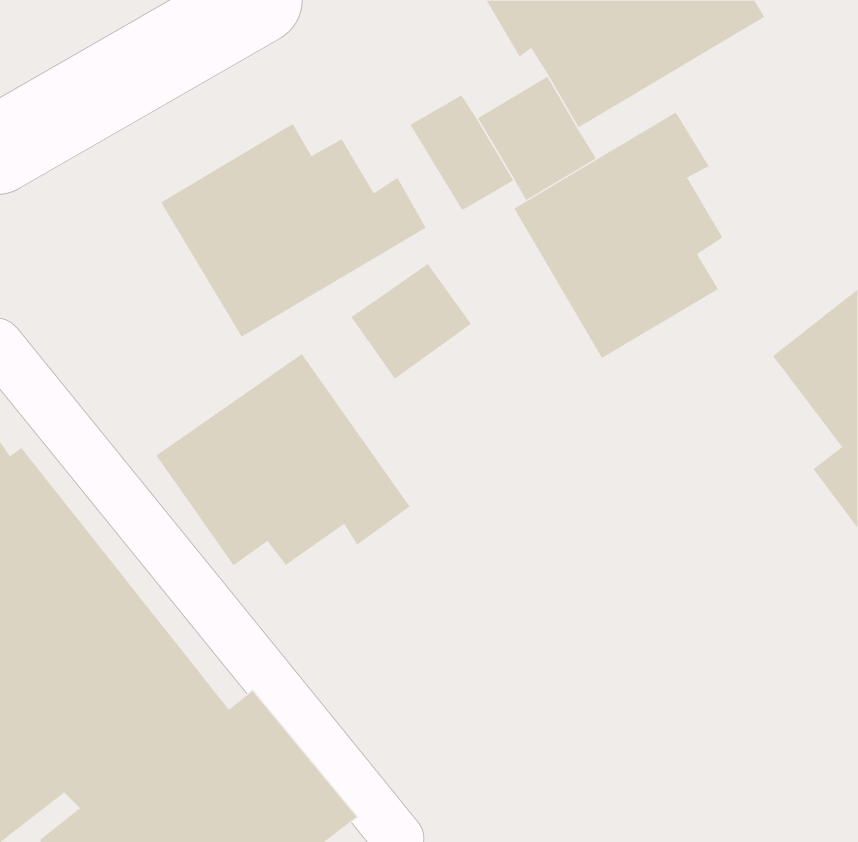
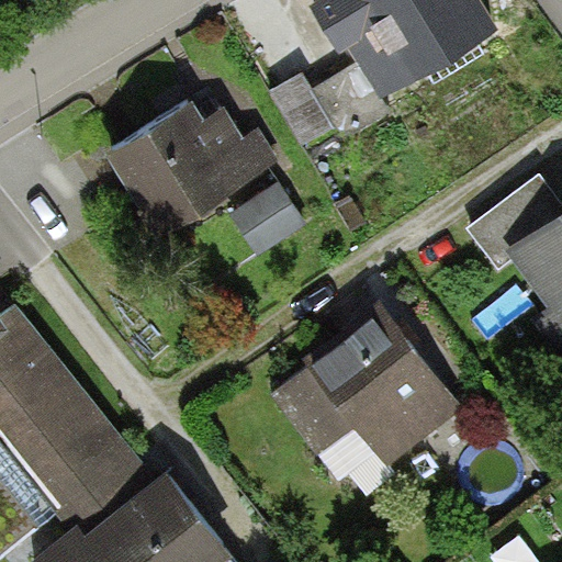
building: [514,111,723,359] -> none
building: [156,353,411,566] -> none
building: none -> [270,300,463,483]

